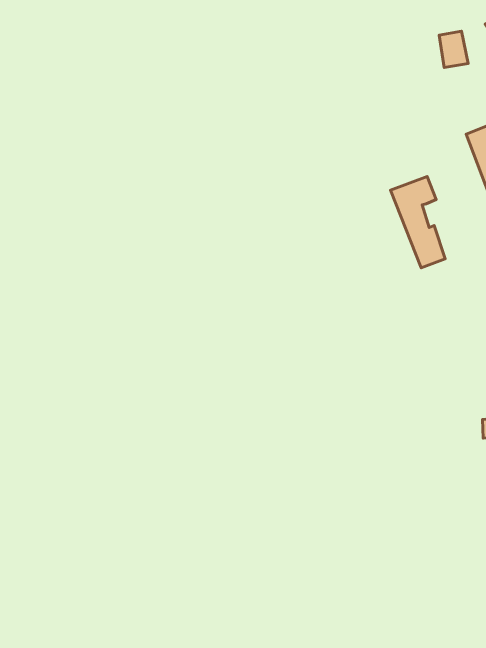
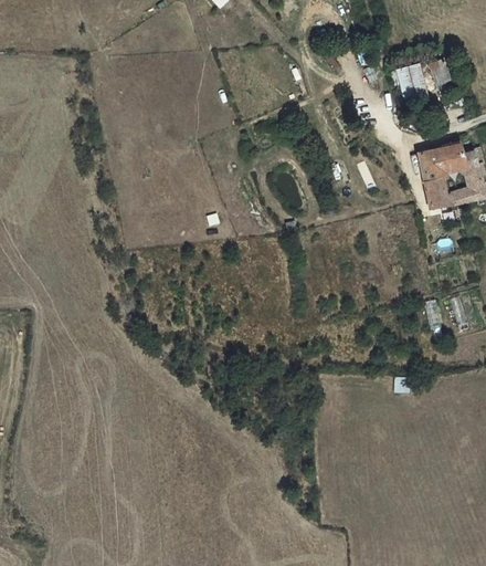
building: [390,177,445,268] -> none

